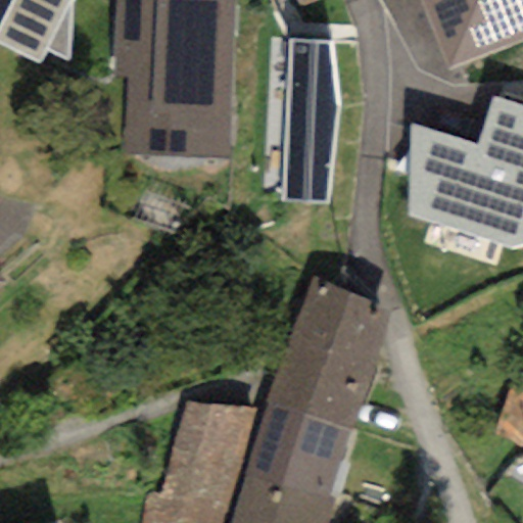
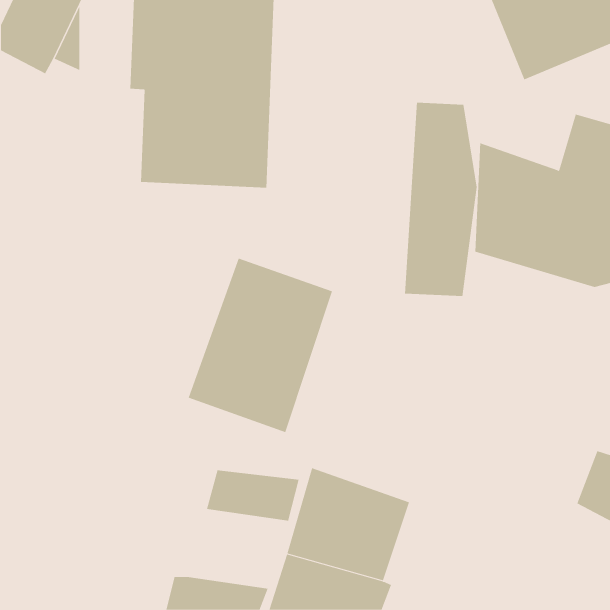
building: [280,37,342,202] -> [404,102,477,296]
building: [268,279,391,428] -> [188,258,333,433]
building: [161,434,248,502] -> none

